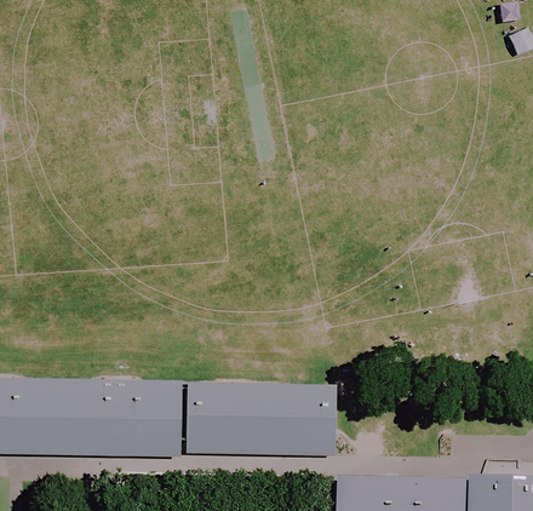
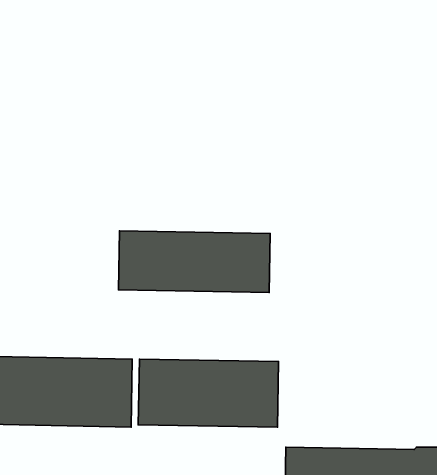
building: none -> [118,231,270,293]

